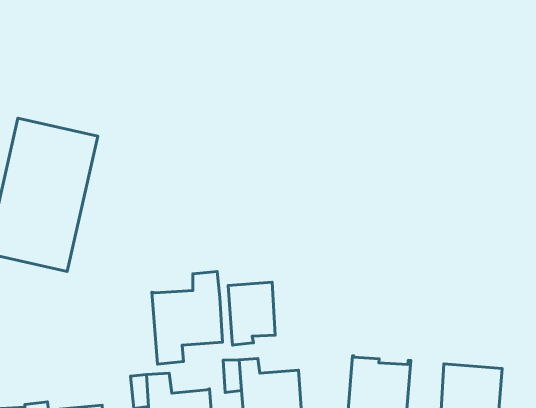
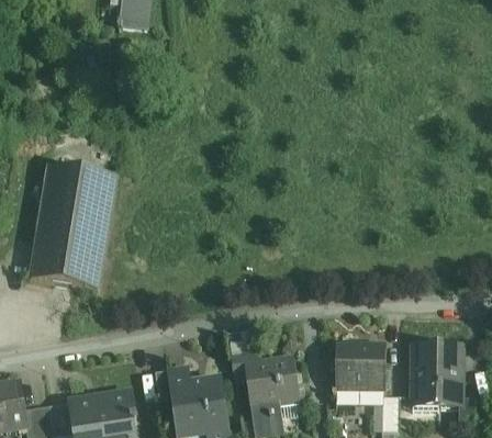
building: [152,272,223,364] -> none
building: [228,282,275,345] -> none

